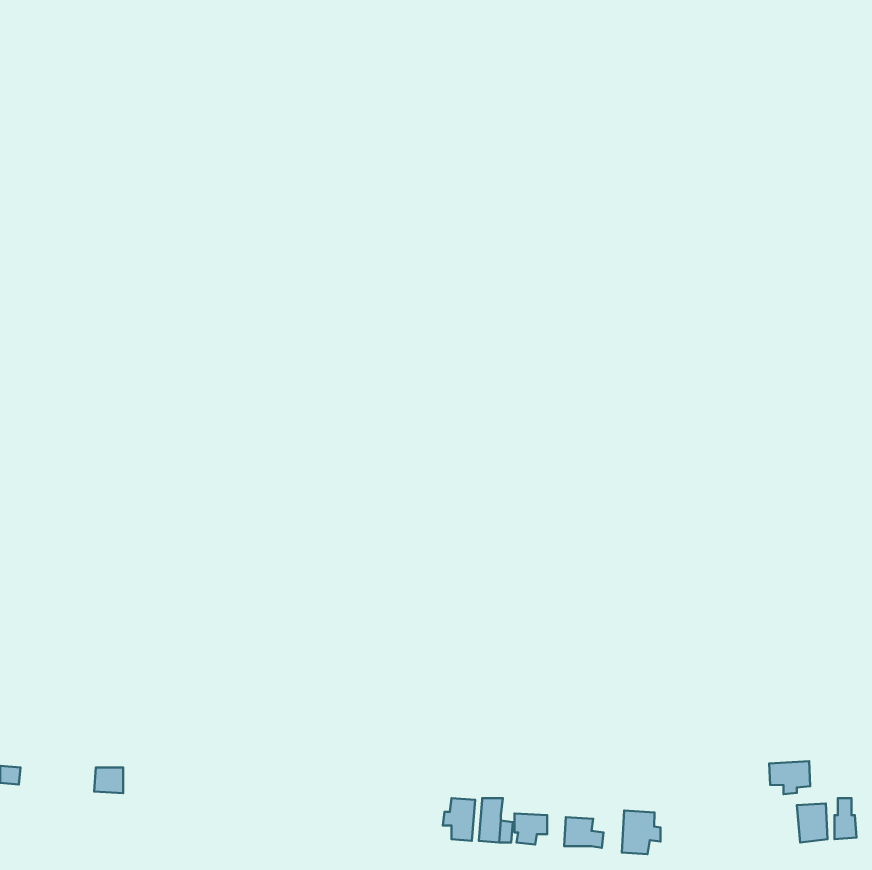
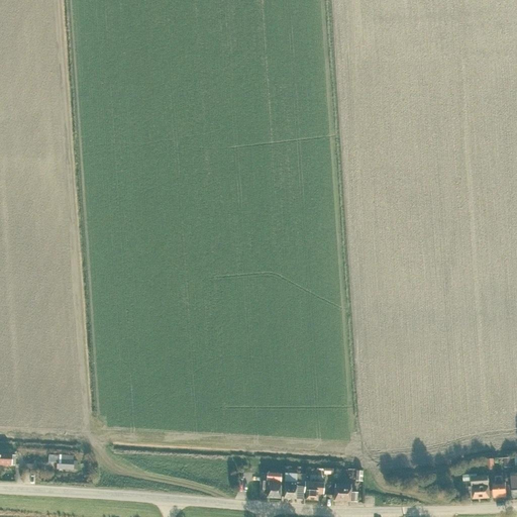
building: [769,761,810,794] -> none
building: [622,810,661,854] -> none

